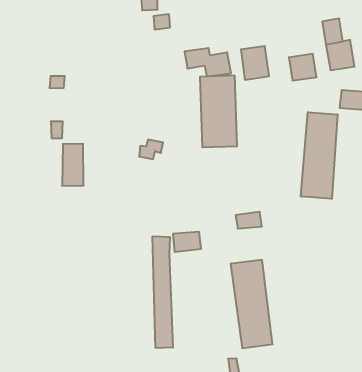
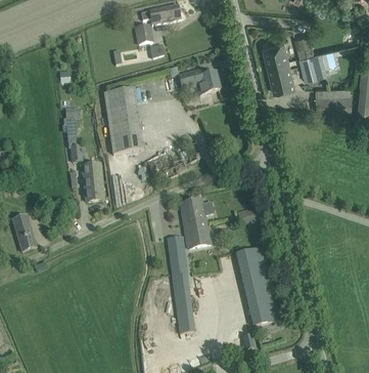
building: [241,46,269,80] -> [262,39,288,70]
building: [200,76,237,147] -> [104,87,142,152]
building: [301,112,338,199] -> none
building: none -> [180,197,206,232]

